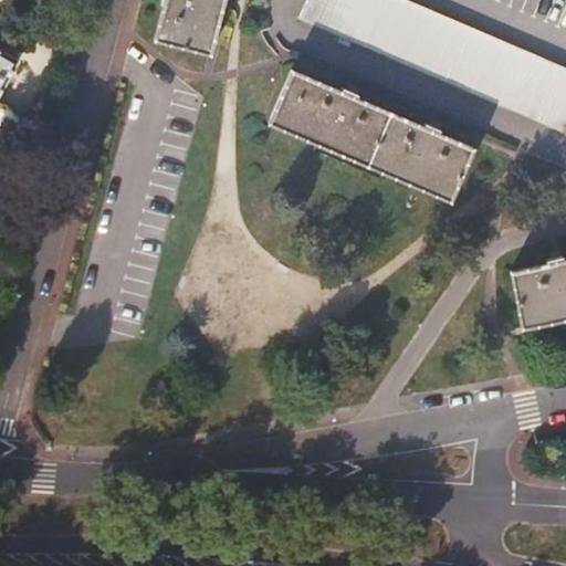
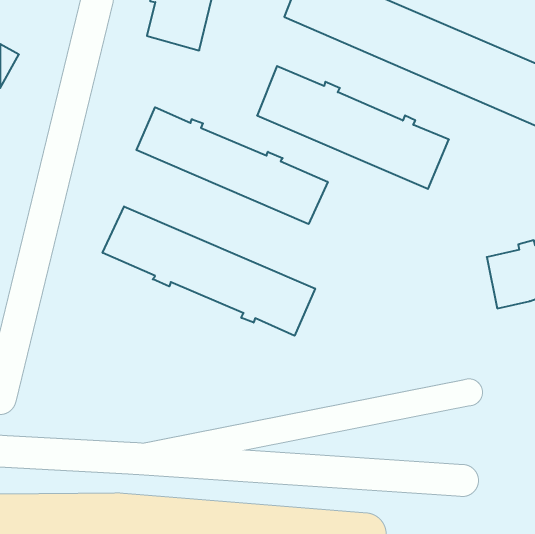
building: none -> [136,107,328,224]
building: none -> [103,206,315,336]

